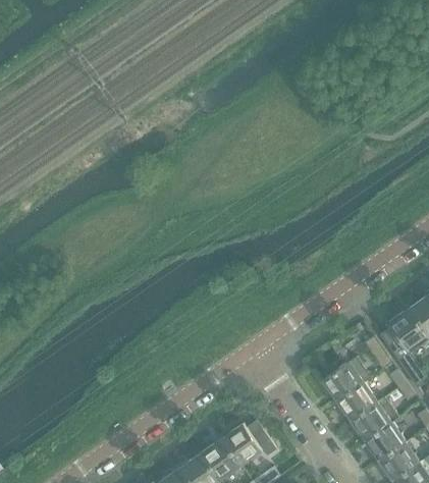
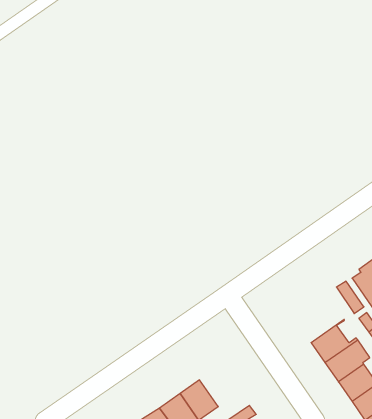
building: [323,356,372,400] -> none
building: [221,419,276,467] -> none

